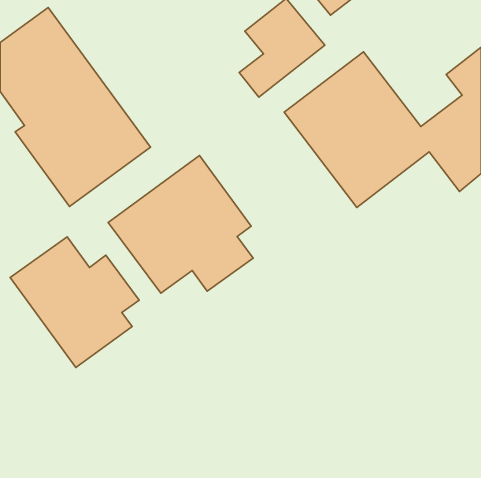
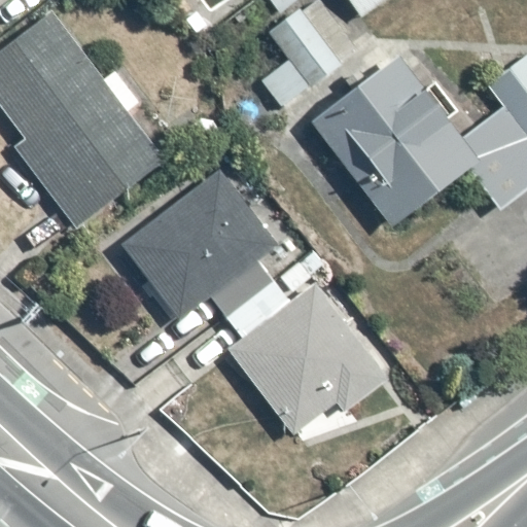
building: [10,237,139,367] -> none
building: none -> [226,282,387,434]

